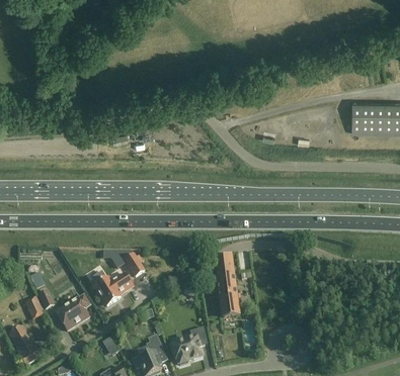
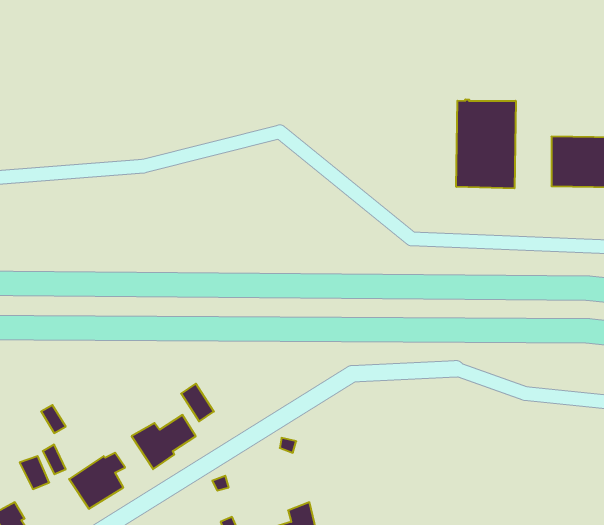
building: none -> [456,99,516,188]
building: [214,255,239,318] -> none

